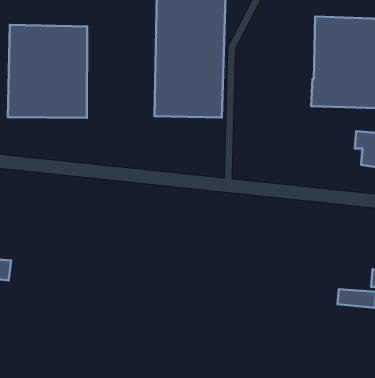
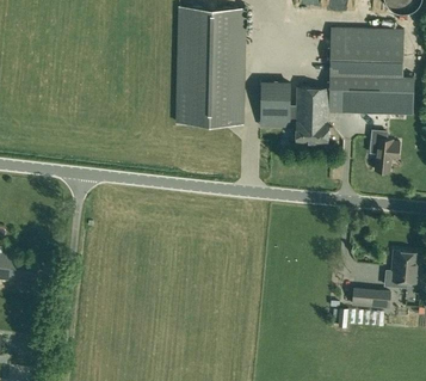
building: [8,25,87,118] -> none
building: none -> [260,84,328,142]

